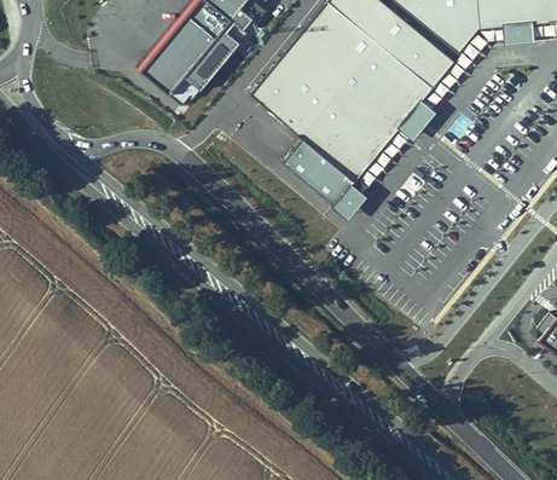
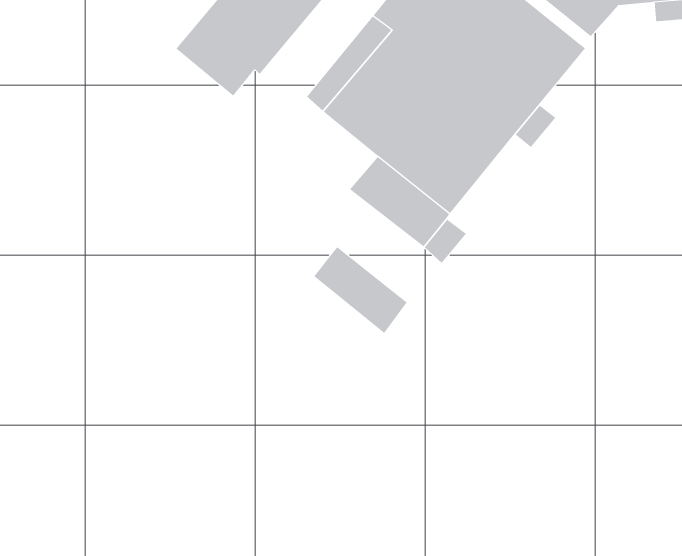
building: none -> [314,246,408,334]

